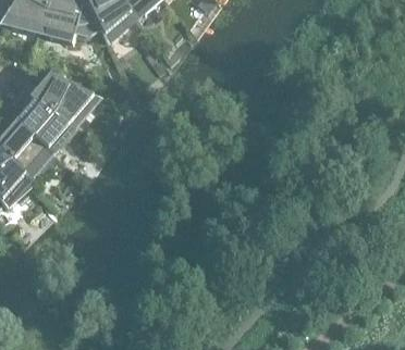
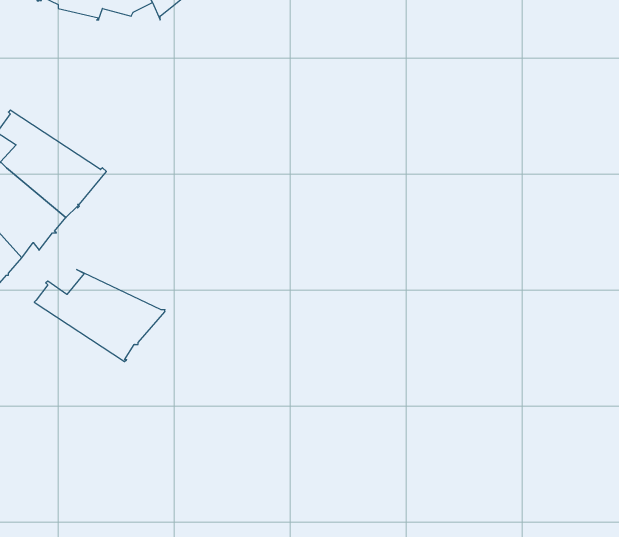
building: [23,75,97,127] -> [34,270,165,362]

